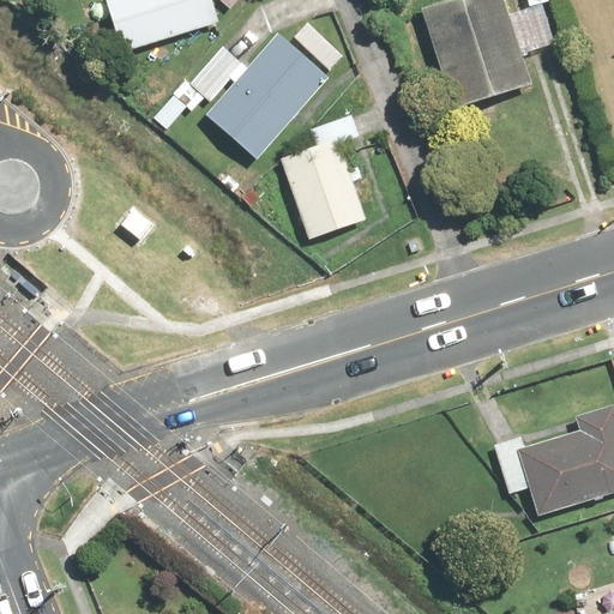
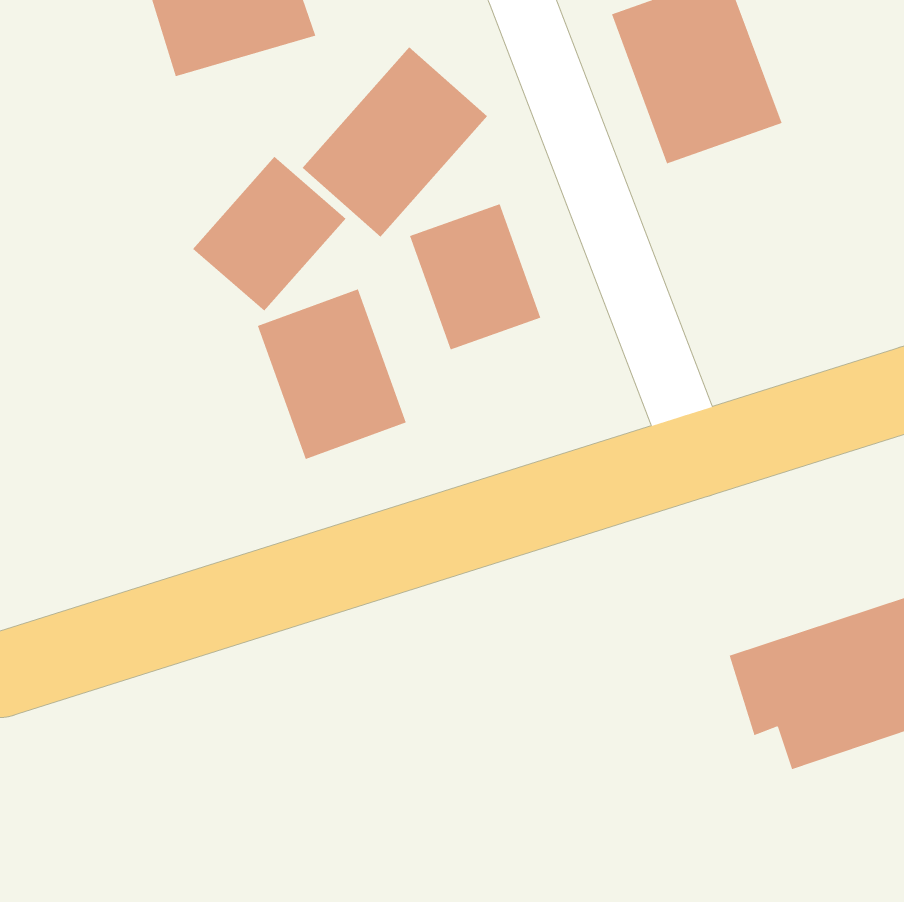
building: none -> [192,156,346,312]
building: none -> [257,289,406,460]

